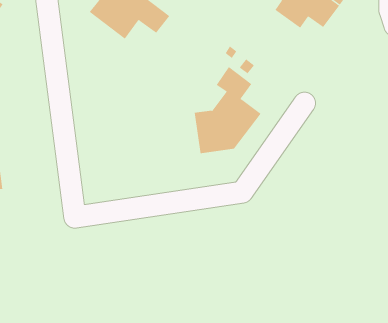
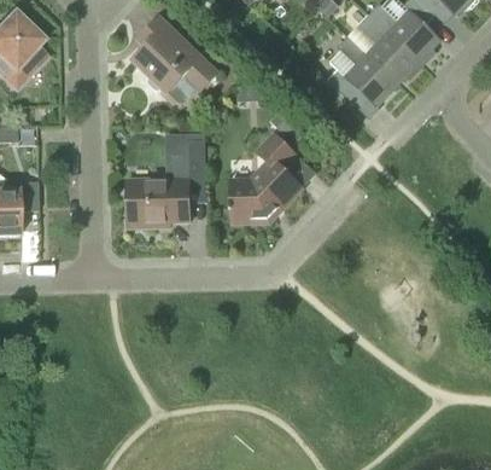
building: none -> [128,132,206,227]

